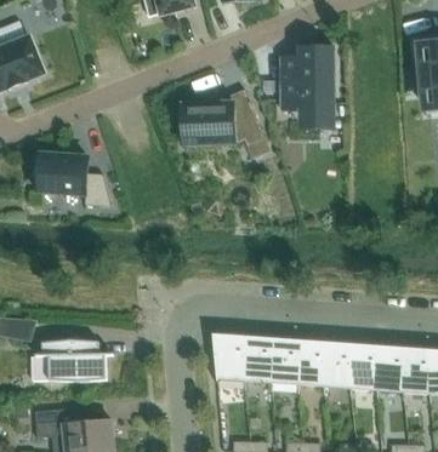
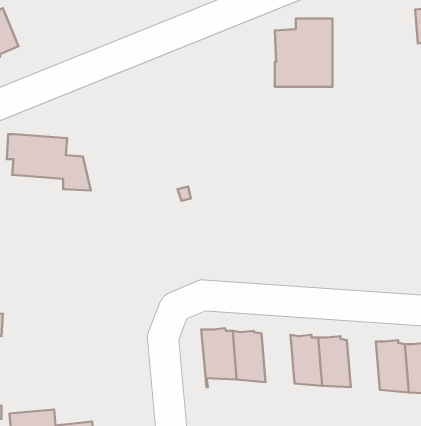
building: [181,90,271,159] -> none
building: [268,337,298,384] -> none
building: [36,341,113,382] -> none
building: [347,343,377,390] -> none

